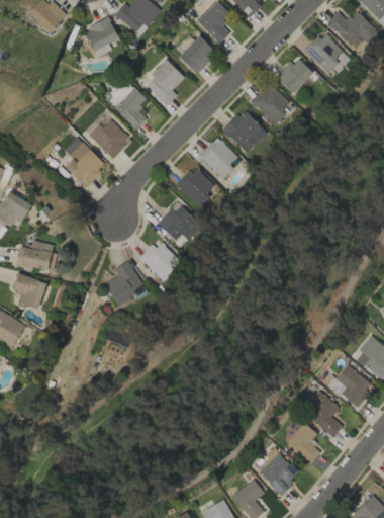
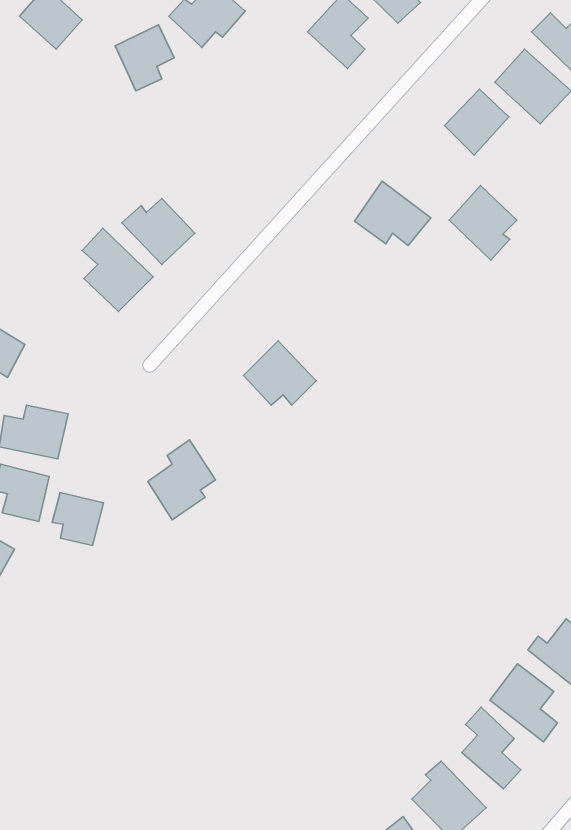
building: [179,35,215,72] -> none
building: [140,58,184,106] -> none
building: [251,81,290,124] -> [449,185,517,260]
building: [113,87,147,130] -> none
building: [198,137,242,179] -> none
building: [176,166,214,207] -> none
building: [140,240,178,281] -> none
building: none -> [52,493,104,546]

